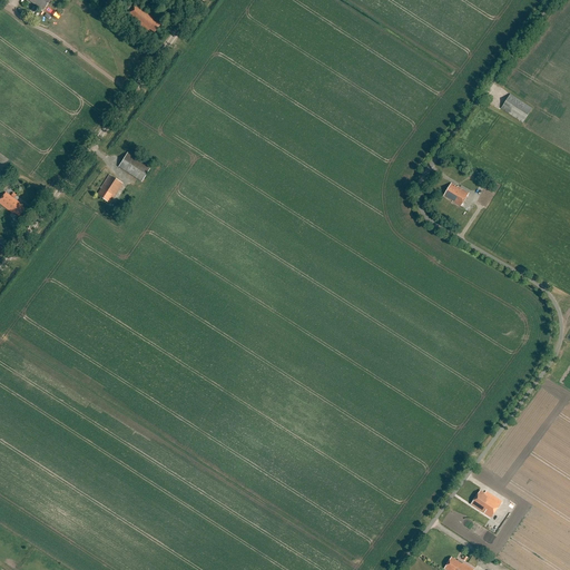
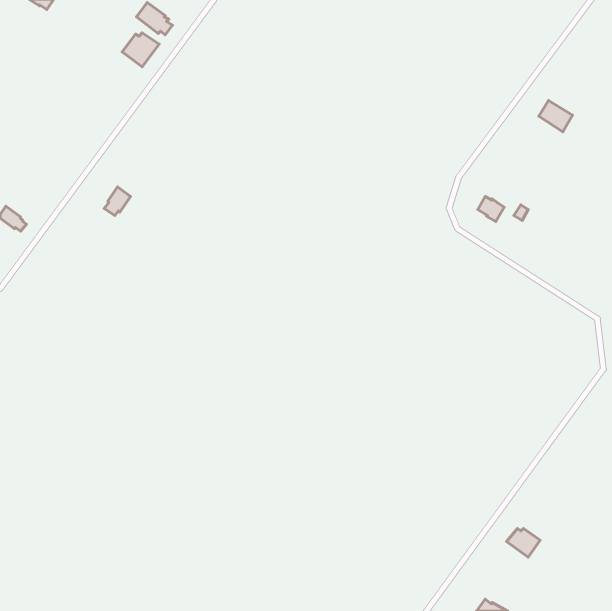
building: none -> [122,33,159,67]
building: [118,151,151,180] -> none

